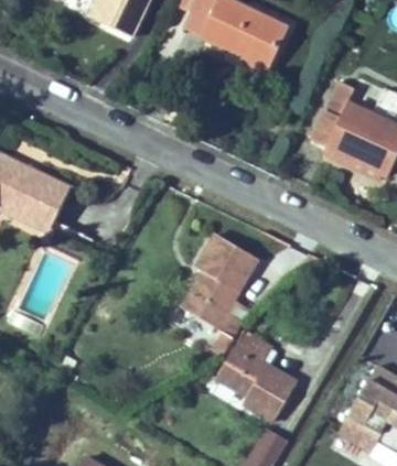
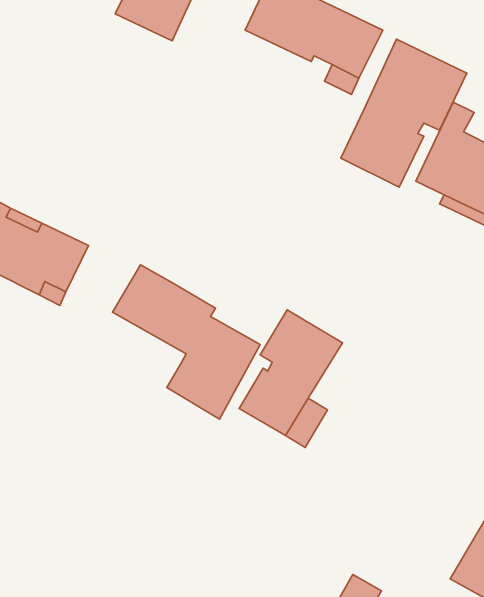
building: none -> [341,39,467,187]
building: none -> [112,265,260,419]
building: [215,333,296,421] -> none

